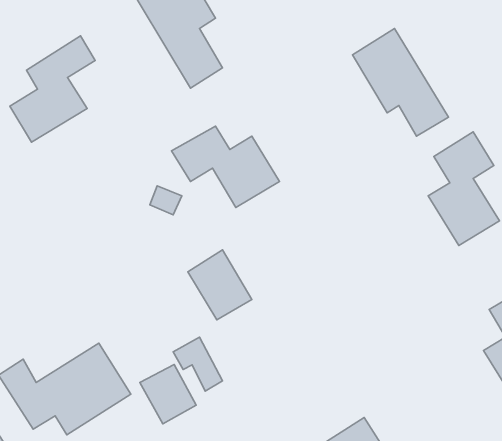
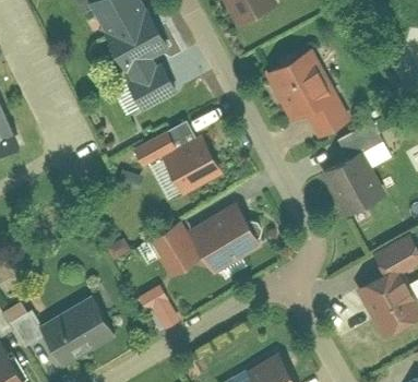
building: [10,36,95,142] -> none
building: none -> [187,199,260,267]
building: [140,364,196,424] -> none

